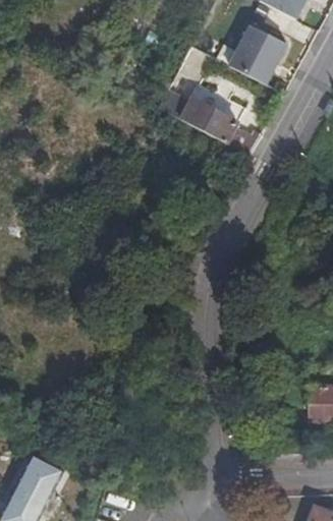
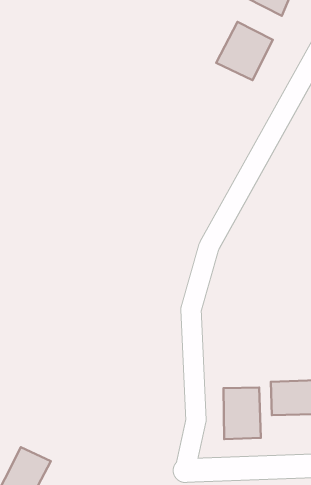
building: [158,90,258,154] -> none
building: none -> [224,387,261,439]

